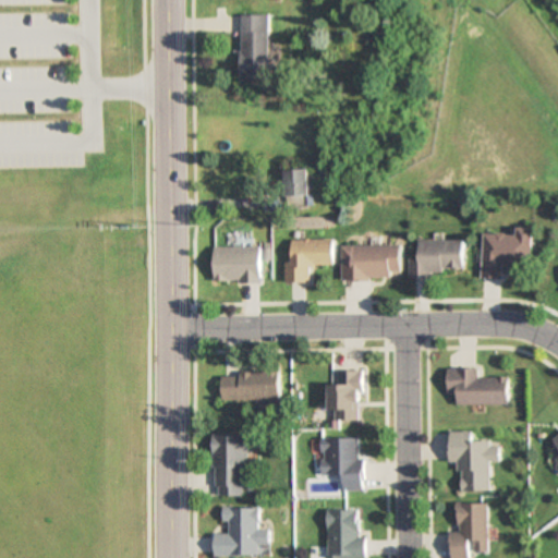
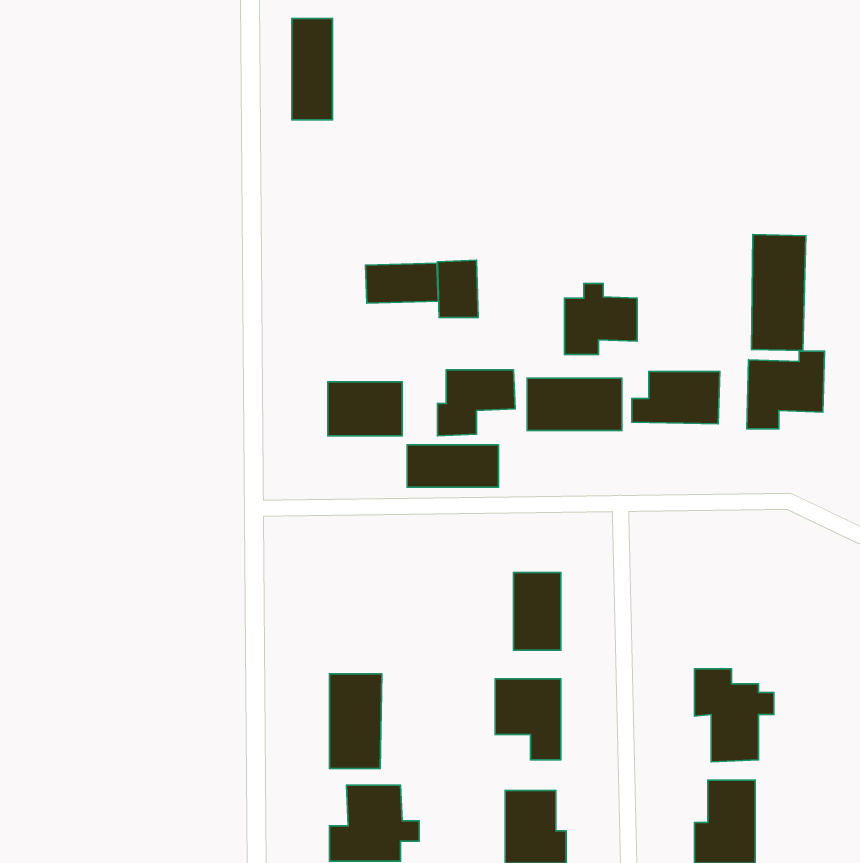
building: [239,15,265,81] -> [292,18,332,120]
building: none -> [752,234,806,351]
building: none -> [366,263,438,303]
building: none -> [565,283,637,355]
building: [449,367,509,405] -> none
building: [220,372,279,399] -> [407,445,498,487]

